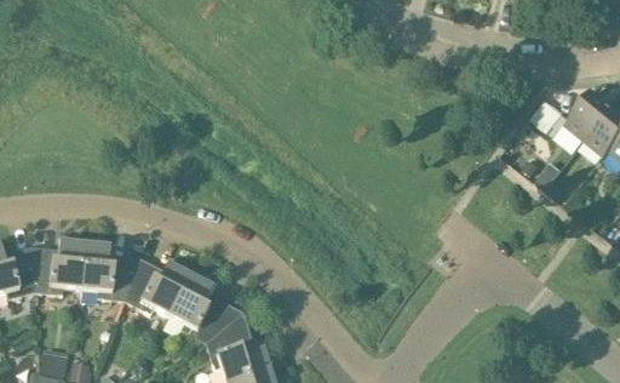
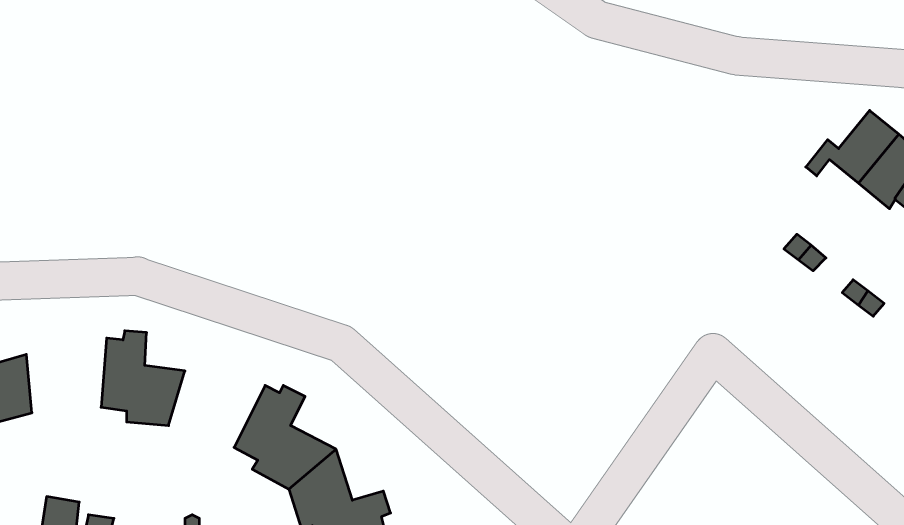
building: [29,233,82,293] -> none
building: [124,256,188,314] -> none

